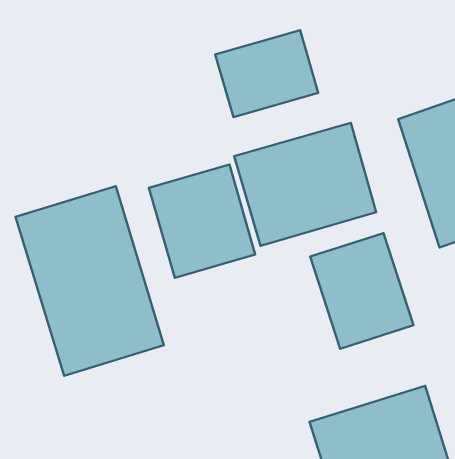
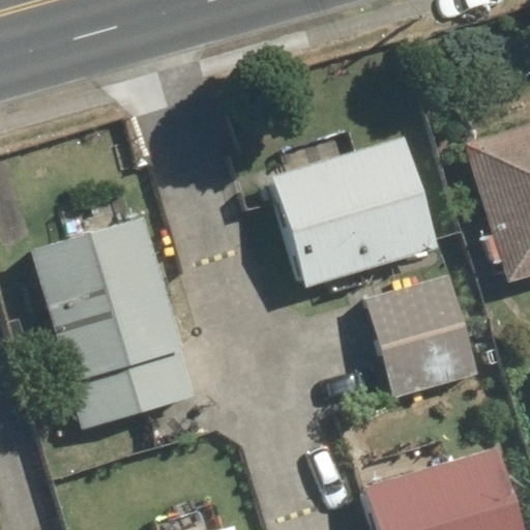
building: [215,30,318,117] -> none
building: [149,164,255,278] -> none

